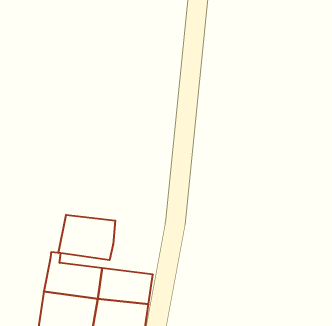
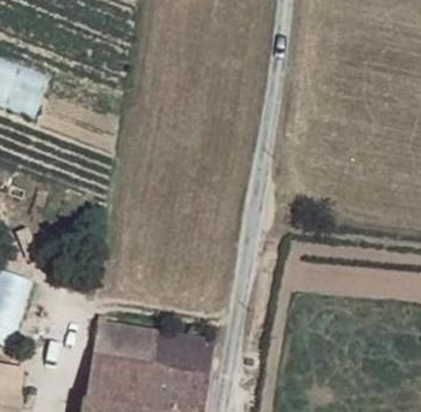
building: [58,215,115,260] -> none

